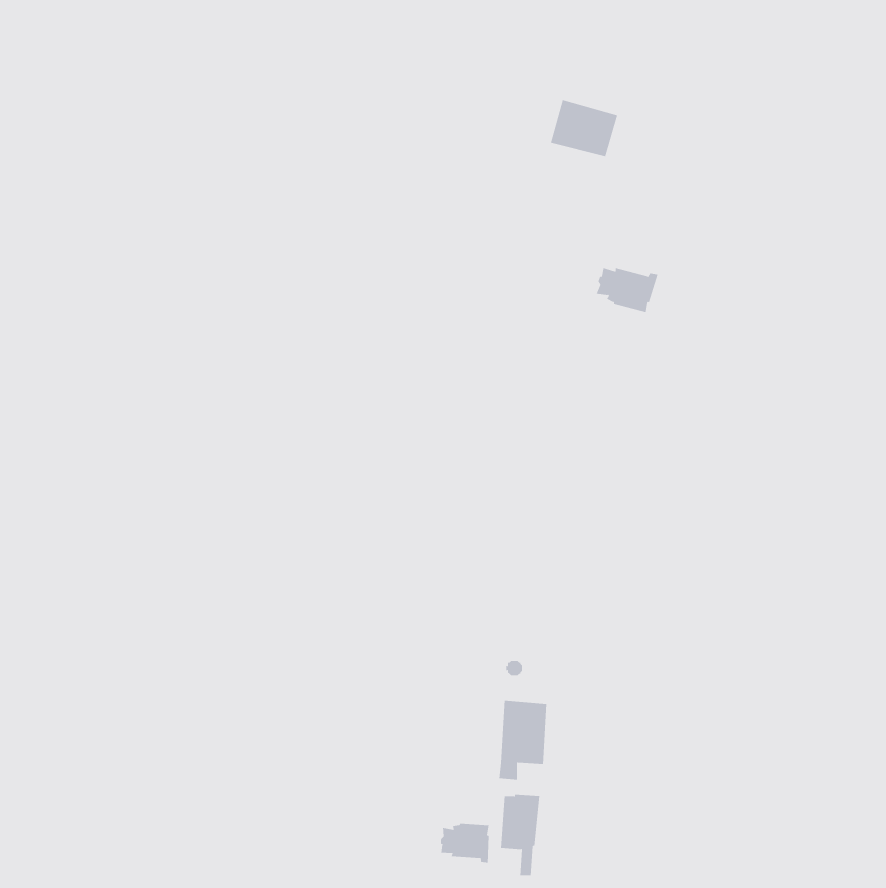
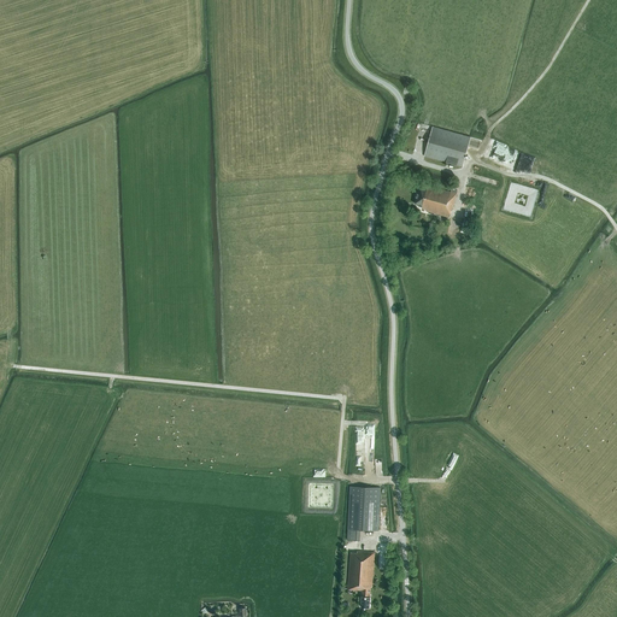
building: [550,99,618,157] -> [423,127,470,166]
building: [441,823,489,864] -> none

